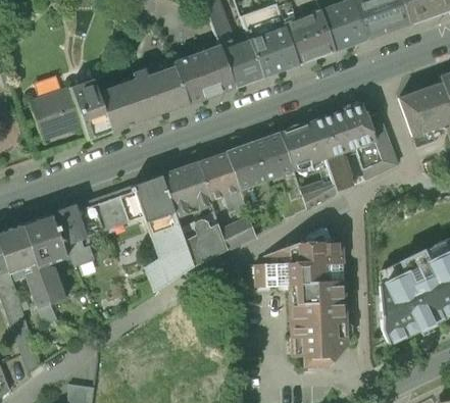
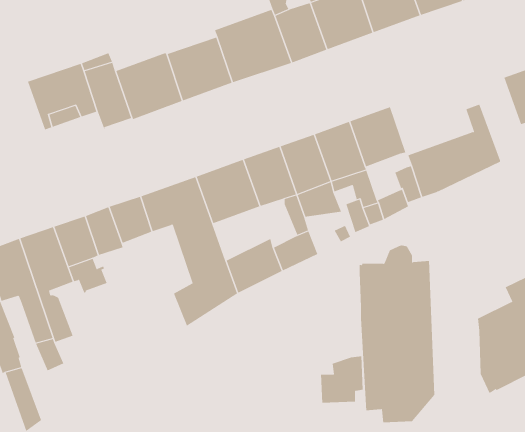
building: [311,103,376,158] -> none
building: [254,249,288,286] -> [320,356,364,403]

